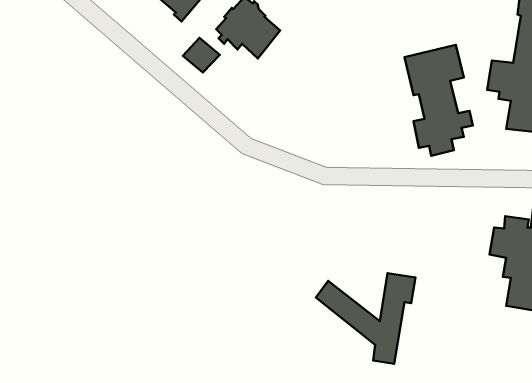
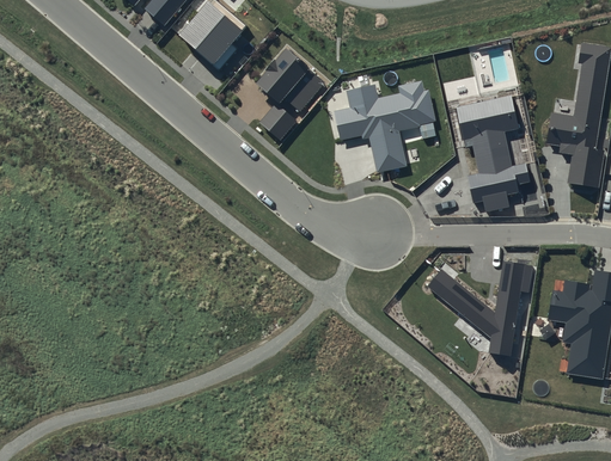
building: none -> [335,81,433,172]
building: [183,38,220,73] -> [258,103,298,140]
building: [316,273,416,364] -> [427,263,533,359]

